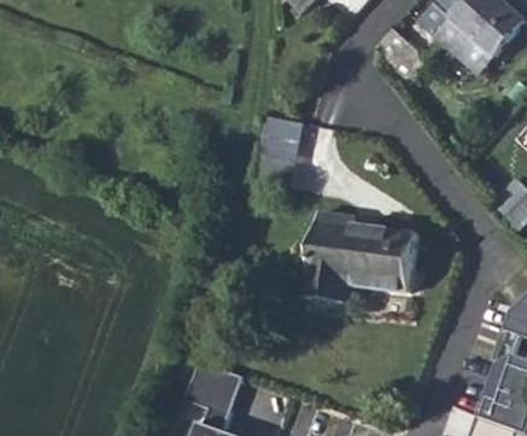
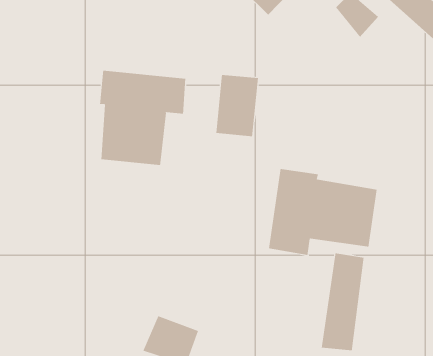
building: none -> [99,70,186,166]
building: none -> [321,252,364,351]

